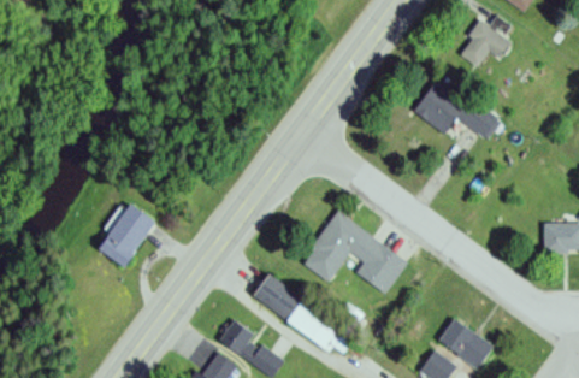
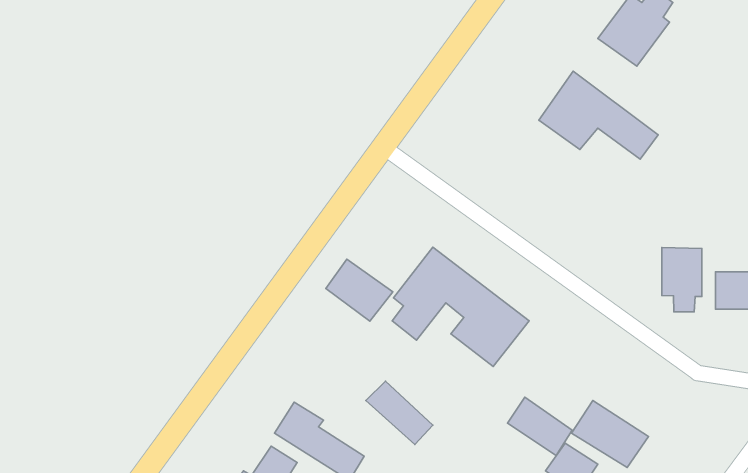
building: [96,202,155,264] -> none
building: none -> [662,248,702,312]
building: [252,274,301,320] -> [326,259,393,321]
building: none -> [507,397,572,456]

